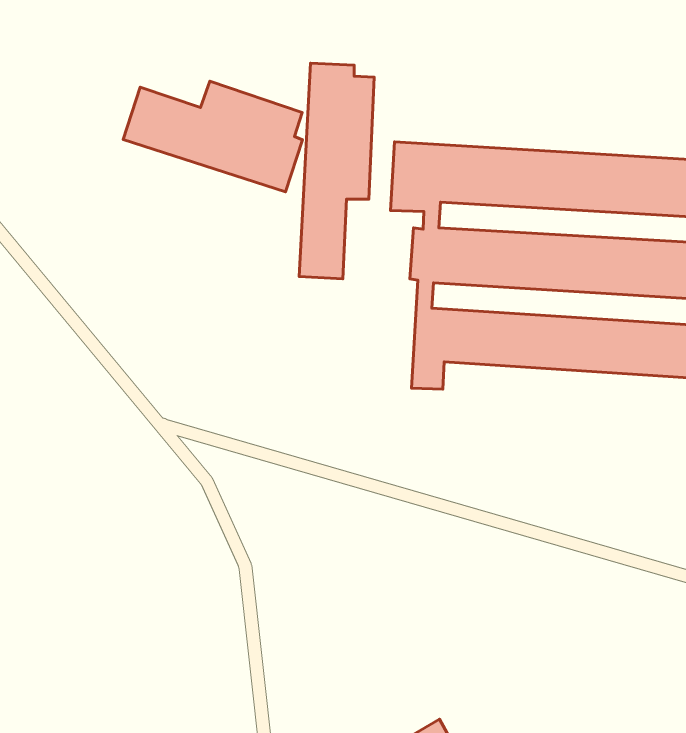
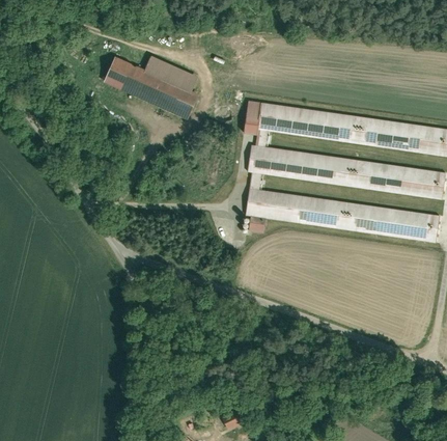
building: [299,63,374,279] -> none

